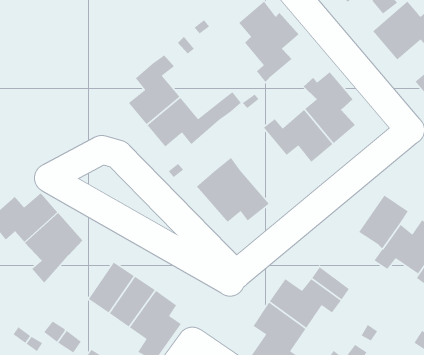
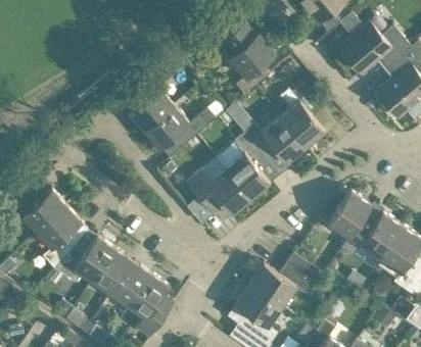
building: none -> [225,133,270,199]
building: none -> [54,236,114,283]

